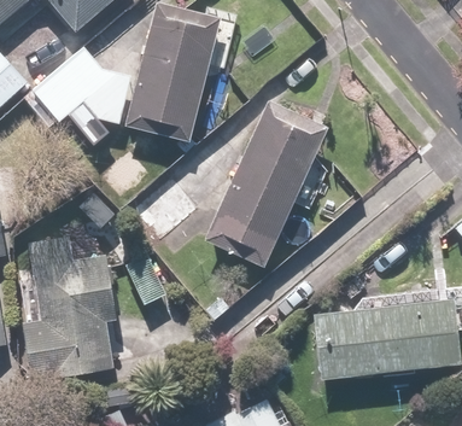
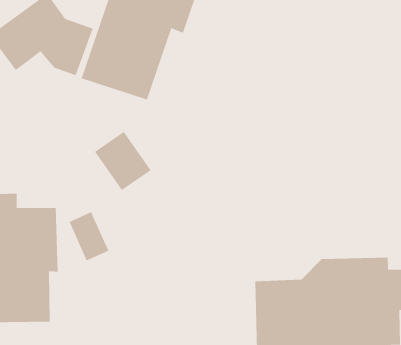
building: [203,99,328,268] -> none

